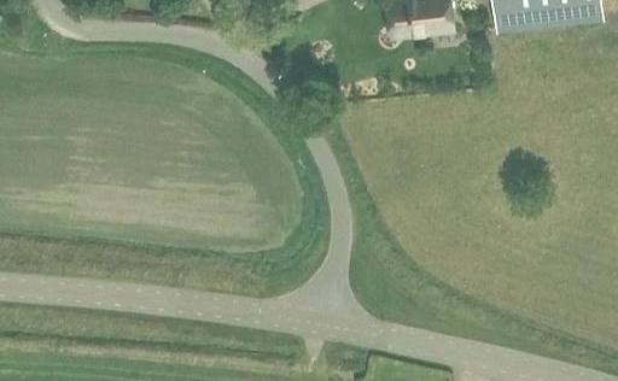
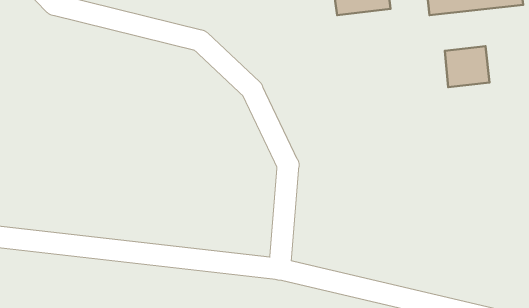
building: none -> [445,46,490,87]

